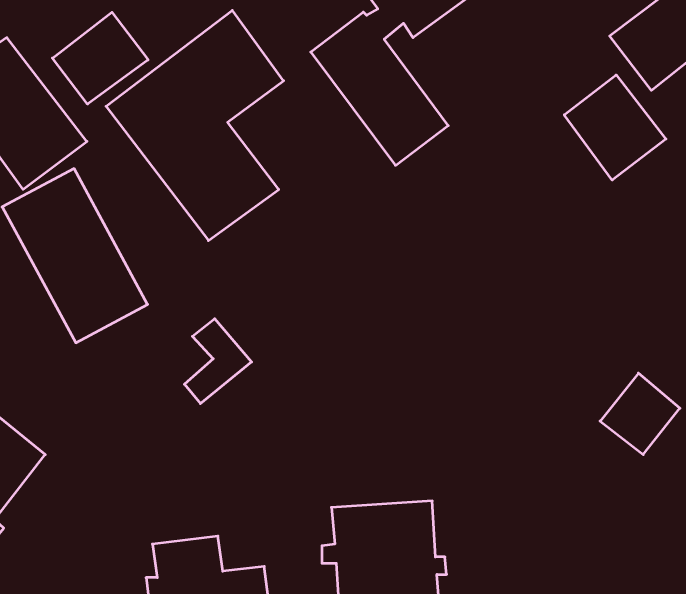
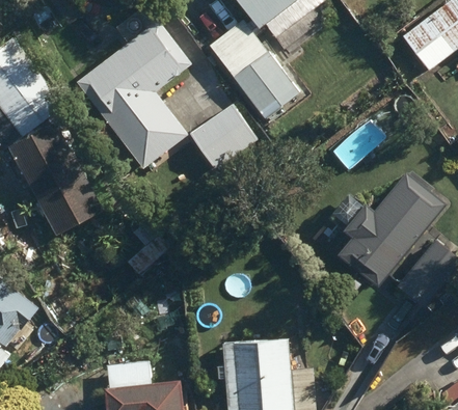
building: [52,12,148,104] -> none
building: [564,75,666,180] -> none
building: none -> [190,104,258,168]
building: none -> [318,170,447,286]

